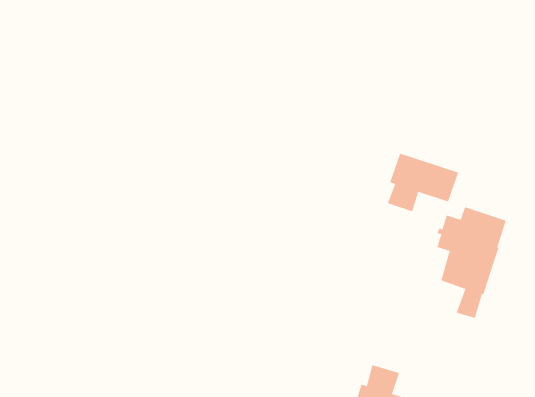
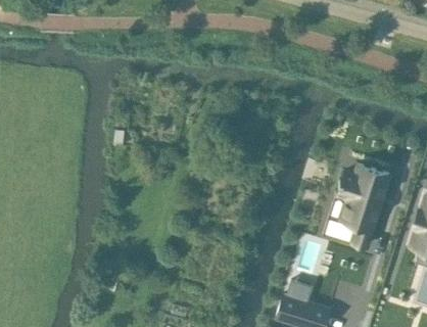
building: [387,153,459,212] -> none

